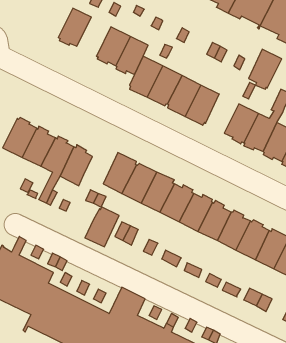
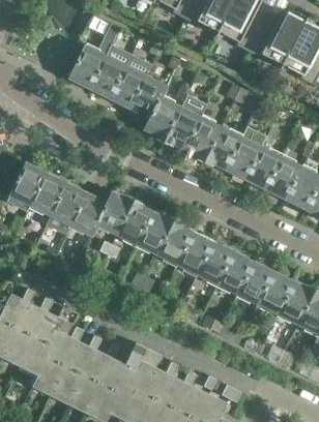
building: none -> [88,56,124,97]
building: [249,49,282,89] -> [225,138,260,180]
building: [85,207,119,247] -> [95,190,132,233]

